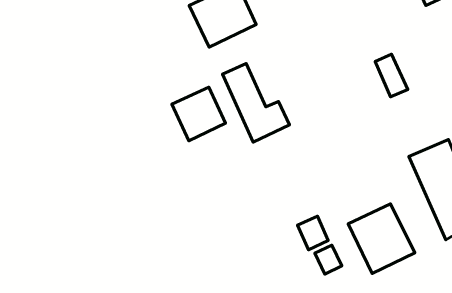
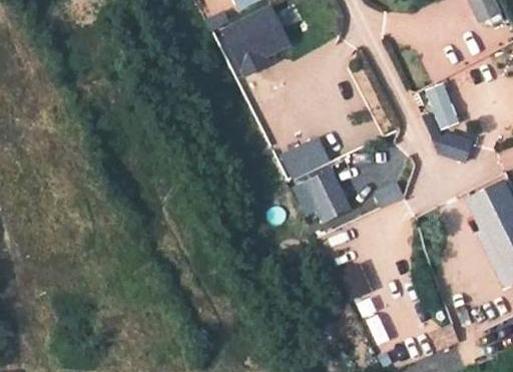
building: [172,87,226,141] -> none
building: none -> [290,167,353,224]
building: [348,204,415,274] -> none

